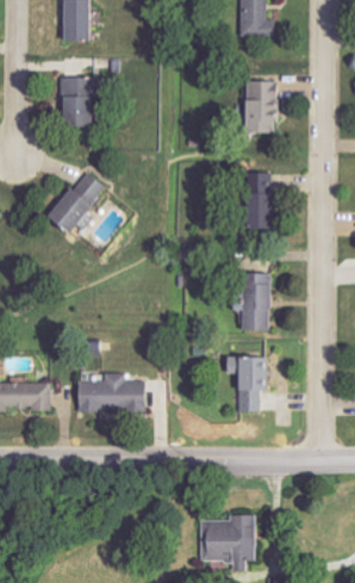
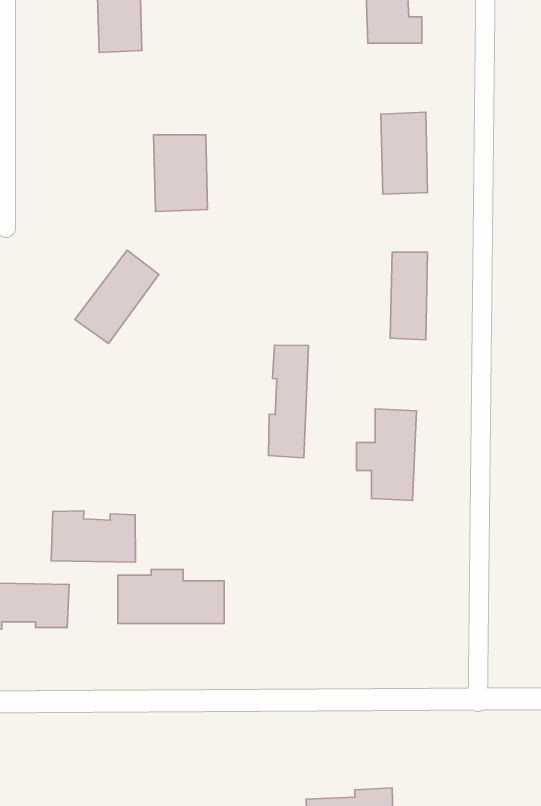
building: [61,79,95,128] -> [153,135,208,211]
building: none -> [268,345,308,458]
building: none -> [51,511,135,562]
building: [226,356,267,411] -> none

